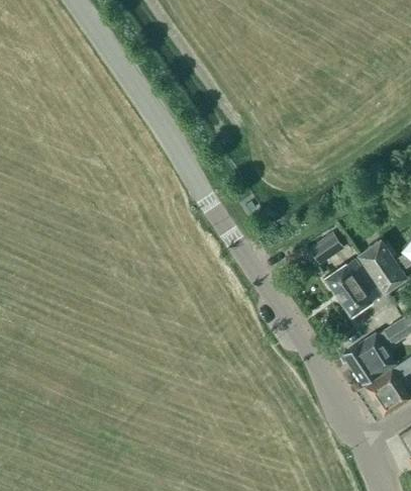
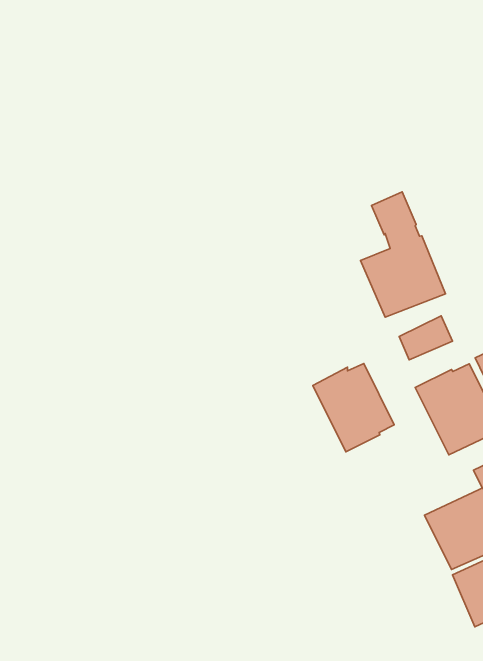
building: none -> [361,192,445,317]
building: none -> [313,364,394,452]

